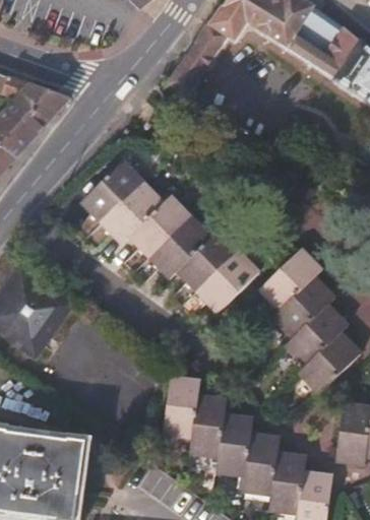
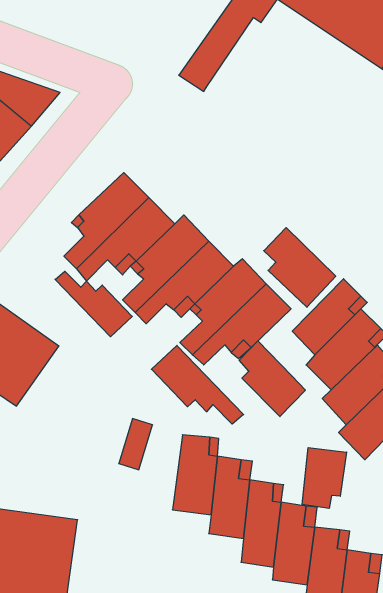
building: none -> [264,228,336,307]
building: none -> [55,271,132,337]
building: none -> [239,341,305,417]
building: none -> [151,345,244,424]
building: none -> [302,448,347,508]

